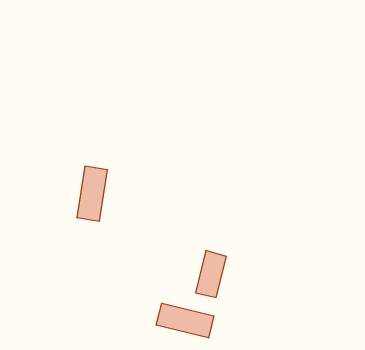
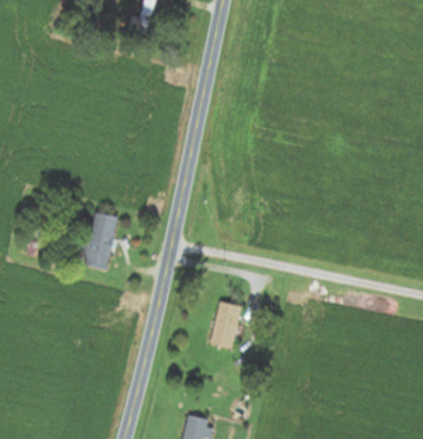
building: [156,303,214,338] -> none

